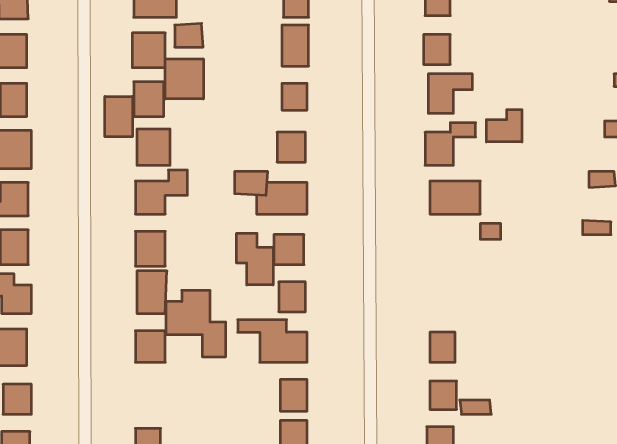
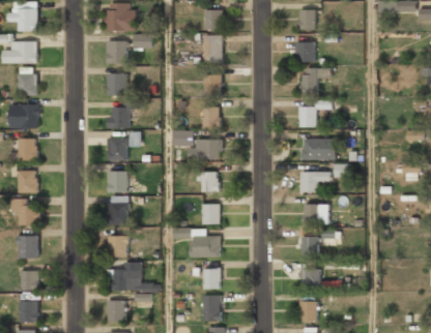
building: [165,59,203,99] -> none
building: [105,96,132,137] -> none
building: [486,110,522,142] -> none
building: none -> [299,171,331,191]
building: [237,233,273,285] -> none
building: none -> [301,204,328,224]
building: [166,290,226,357] -> [113,262,152,305]

